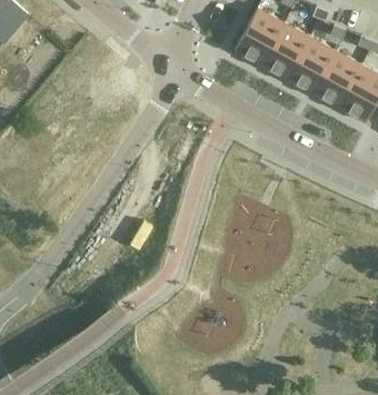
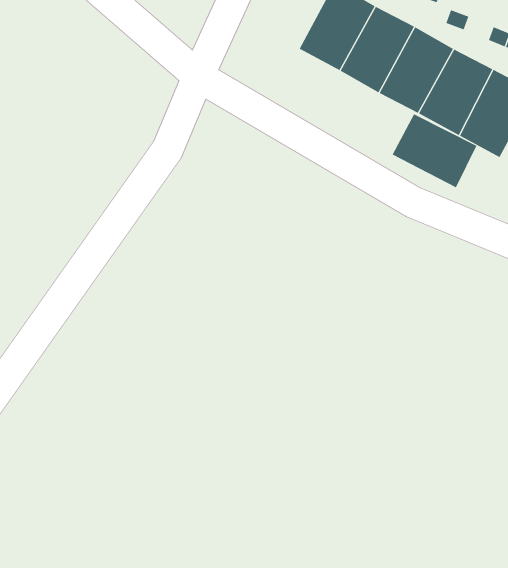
building: none -> [392,114,477,188]

